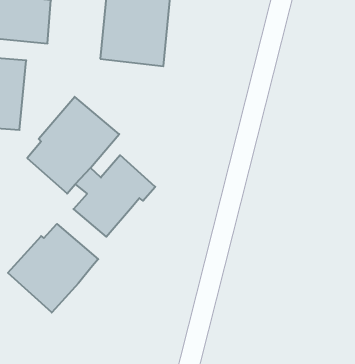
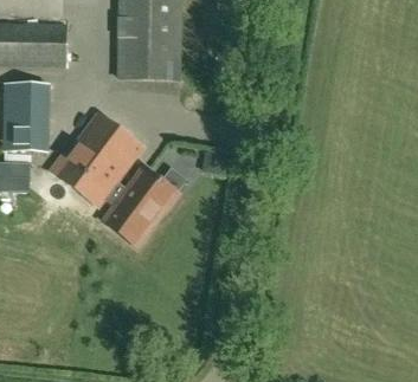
building: [8,224,98,313] -> none

